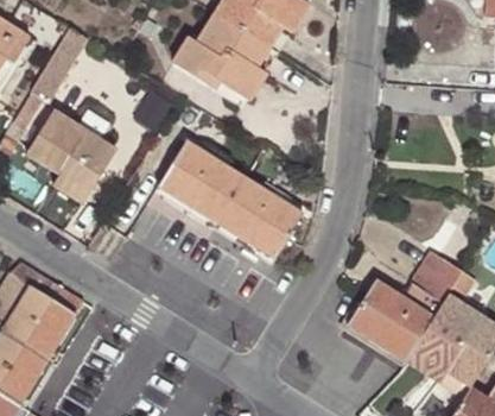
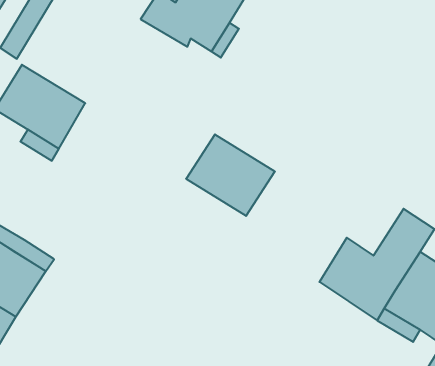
building: [158,139,245,221] -> none

